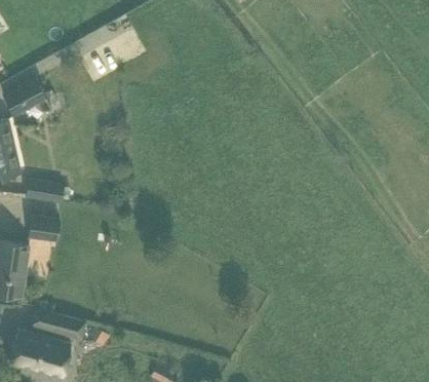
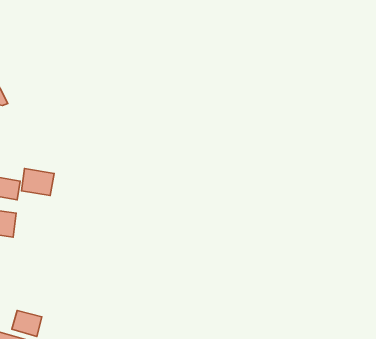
building: none -> [21,168,54,196]

